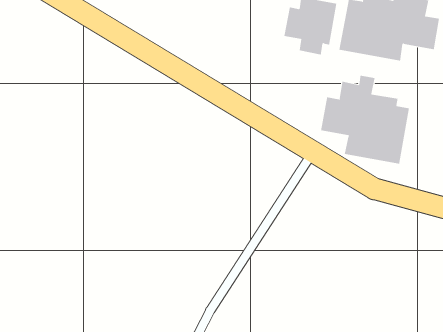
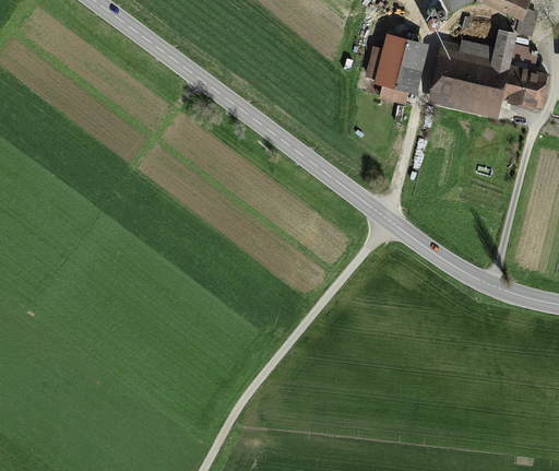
building: [321,75,409,164] -> none

